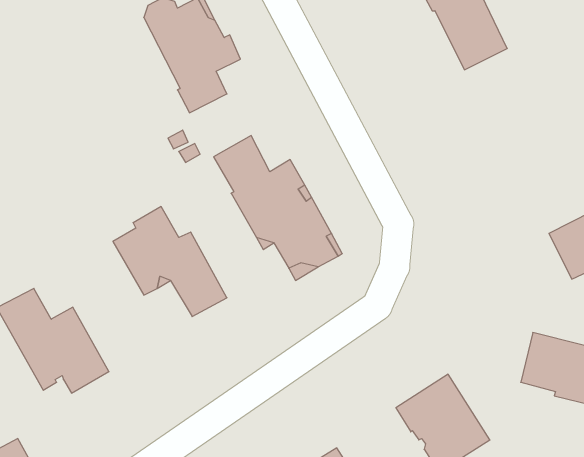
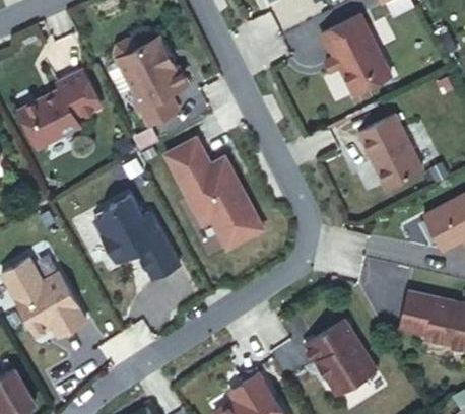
building: none -> [17,70,101,145]
building: none -> [356,114,421,187]

